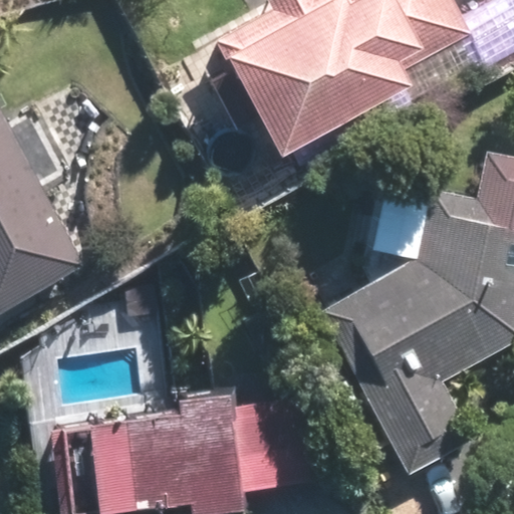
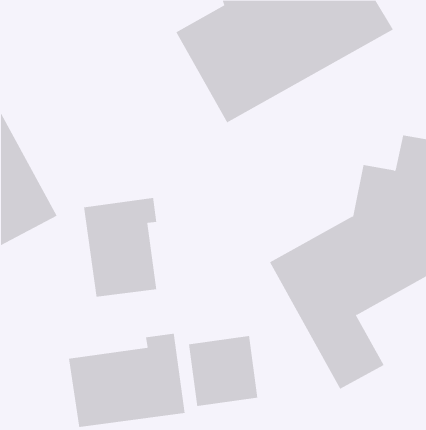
building: none -> [83,197,157,298]

